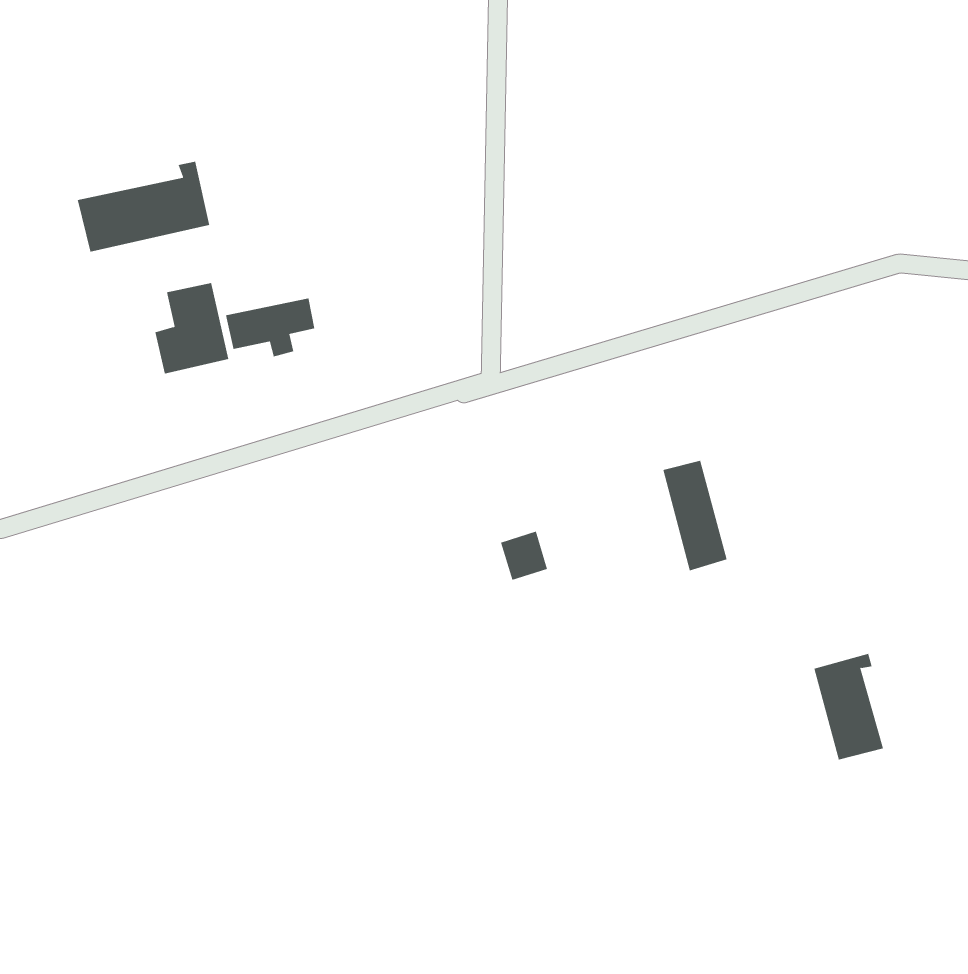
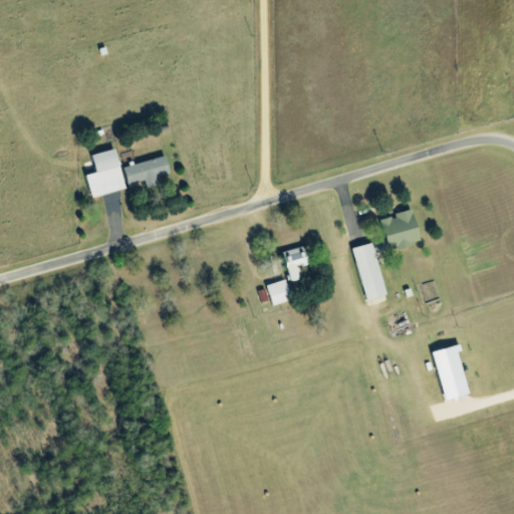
building: [77,161,210,252] -> none
building: none -> [381,209,421,250]
building: none -> [284,246,308,280]

